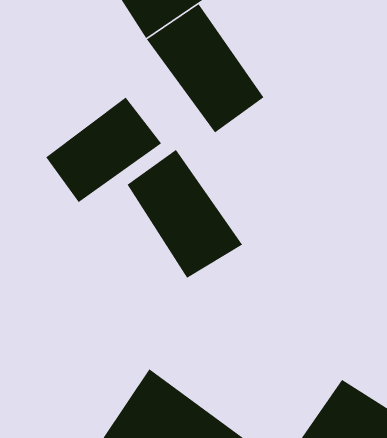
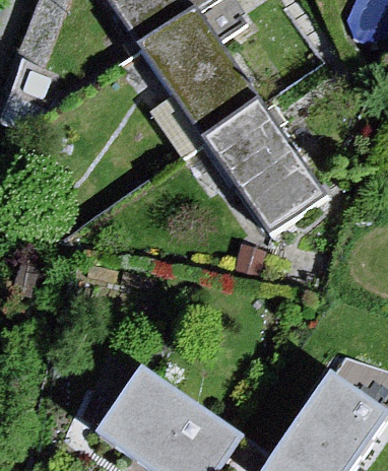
building: [45,96,162,203] -> none
building: [127,149,243,279] -> [207,104,319,228]

